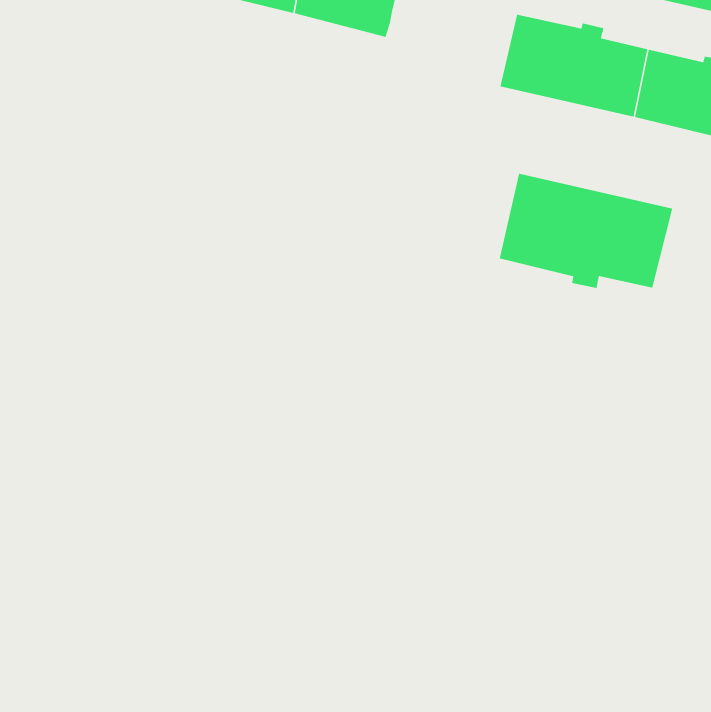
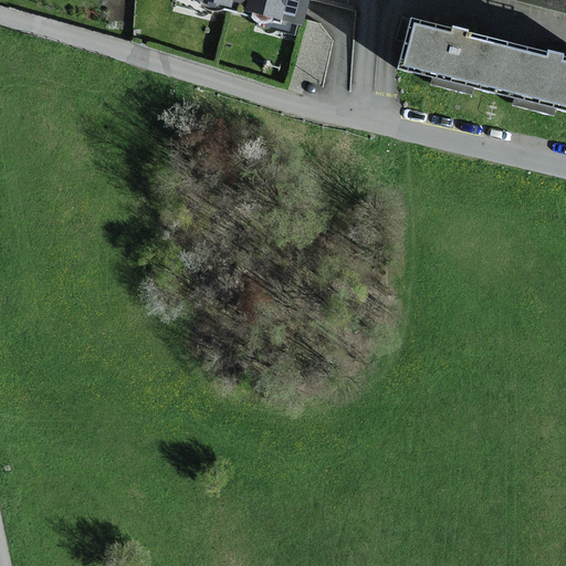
building: [499,173,673,289] -> none

